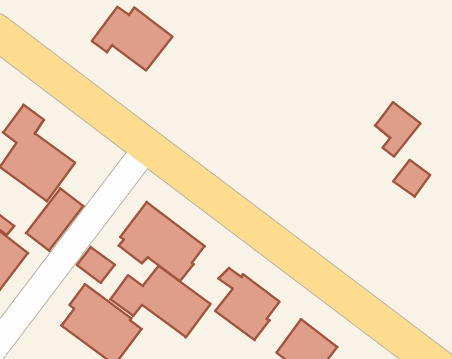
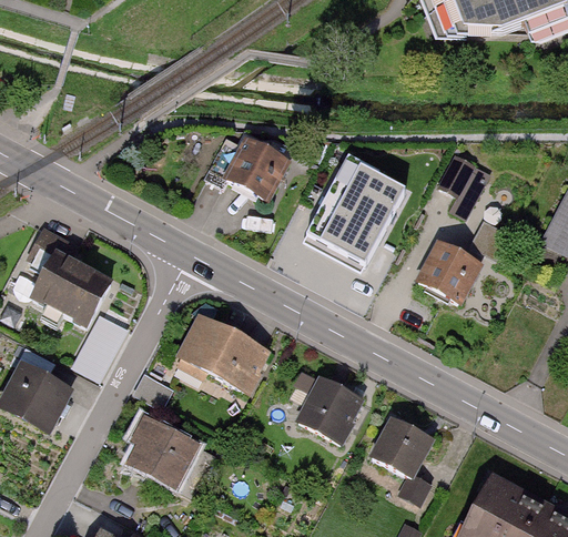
building: [92,7,172,70] -> [204,134,293,202]
building: none -> [305,155,409,272]
building: none -> [414,239,485,305]
building: [110,266,210,337] -> none

